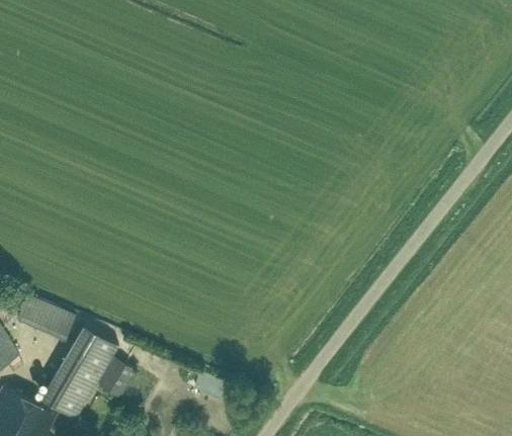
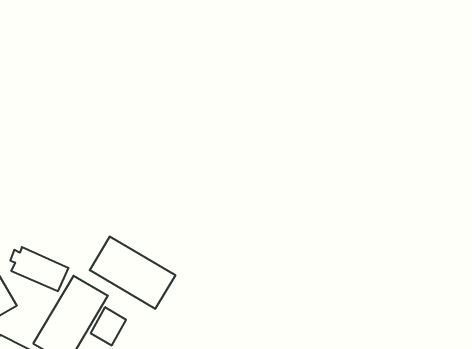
building: none -> [90,236,175,309]
building: [199,374,233,399] -> none

